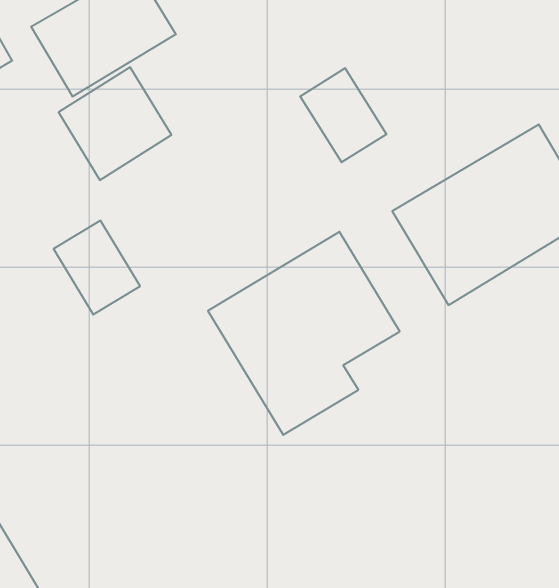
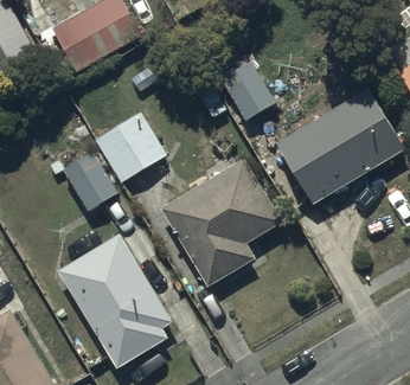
building: [59,67,171,180] -> [95,111,166,182]
building: none -> [57,235,173,368]

